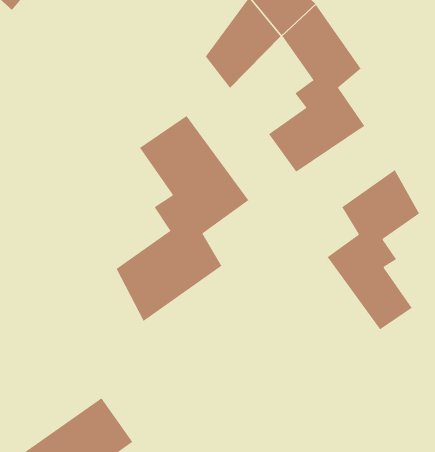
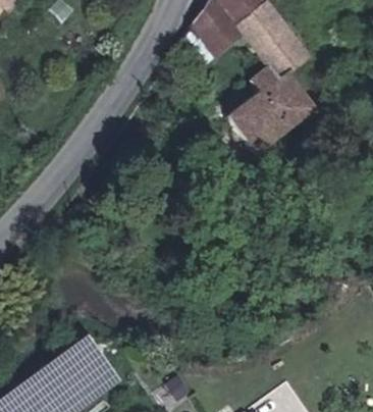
building: [116,115,249,322] -> none
building: [327,169,420,330] -> none

